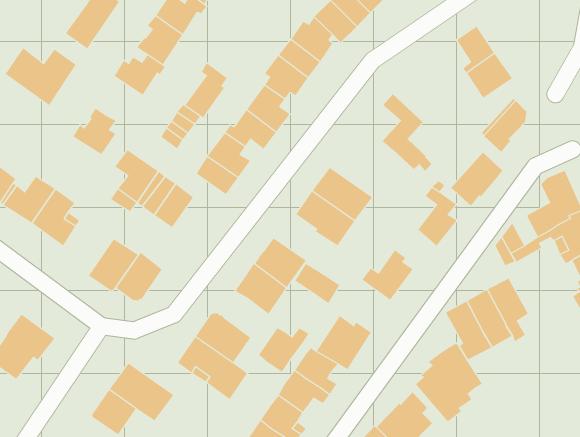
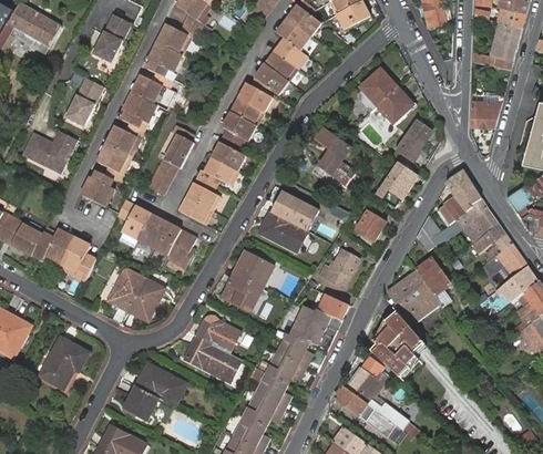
building: none -> [96,144,131,183]
building: none -> [166,229,196,267]
building: [295,263,340,304] -> [318,293,354,322]
building: [259,327,309,373] -> none

